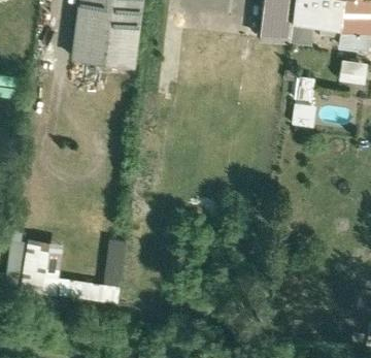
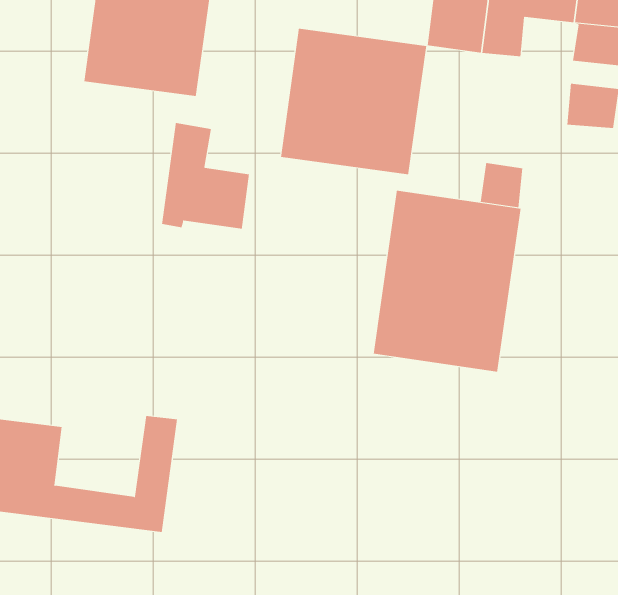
building: none -> [280,28,427,175]
building: none -> [161,122,250,230]
building: none -> [373,190,521,373]

